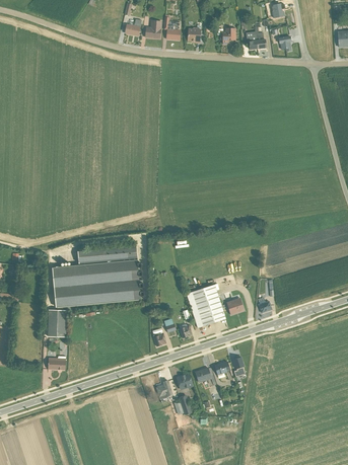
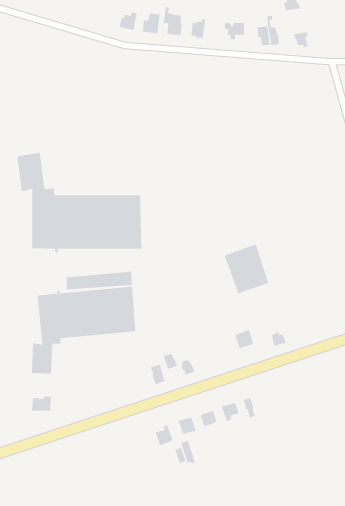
building: none -> [17,152,142,253]
building: [186,284,225,327] -> [224,244,269,294]

